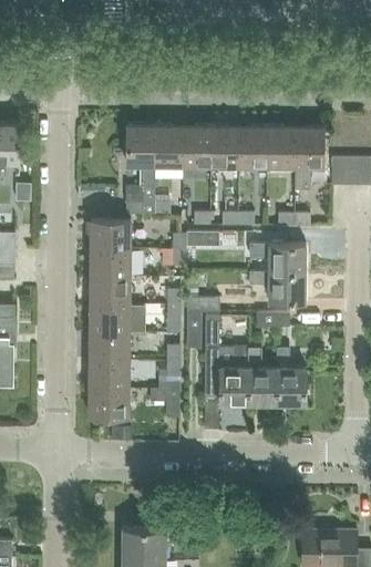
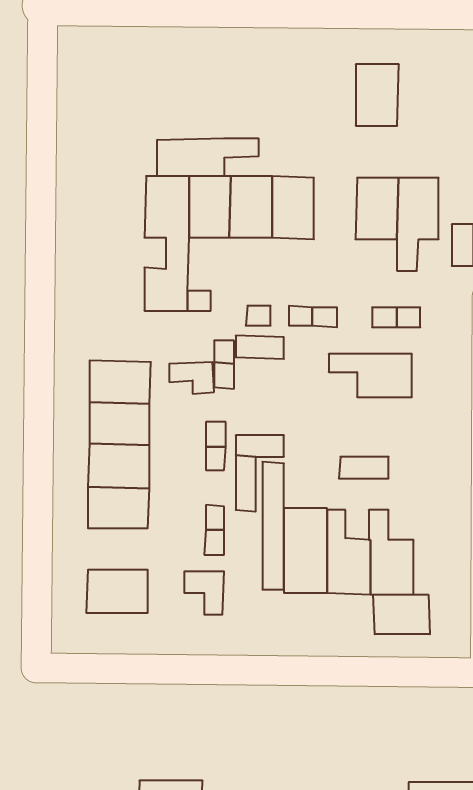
building: none -> [157,138,258,176]
building: [239,126,268,167] -> [356,64,399,126]
building: [90,219,131,249] -> none
building: [249,272,305,301] -> none
building: [89,360,128,388] -> none
building: none -> [373,595,430,634]

